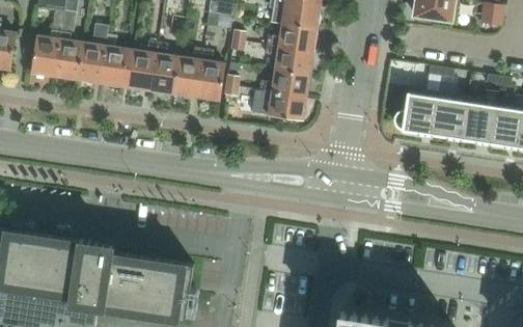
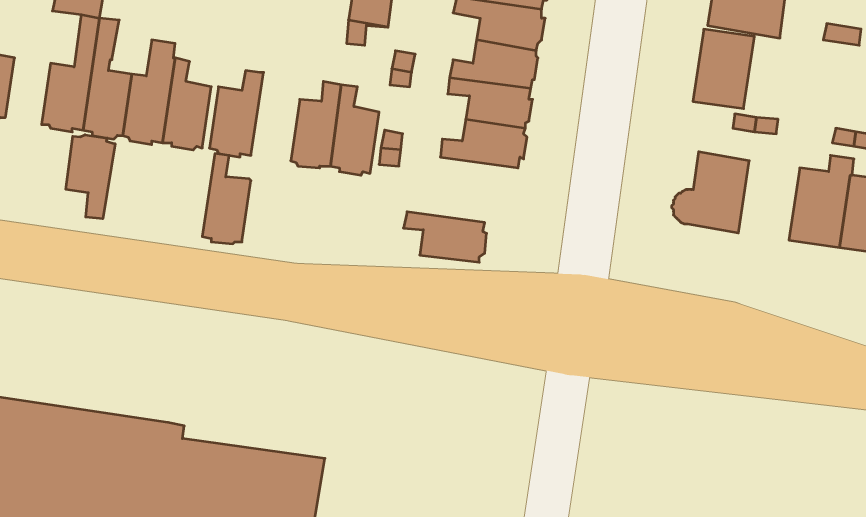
building: [150,43,178,94] -> [202,154,251,244]
building: none -> [66,135,115,219]
building: [257,91,305,120] -> [403,212,487,262]
building: [431,93,466,139] -> [693,29,754,109]

